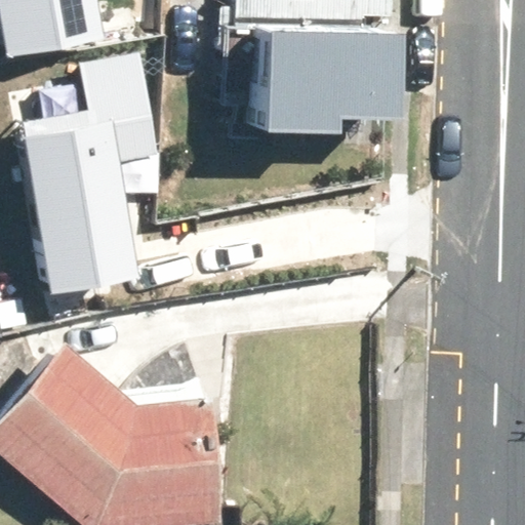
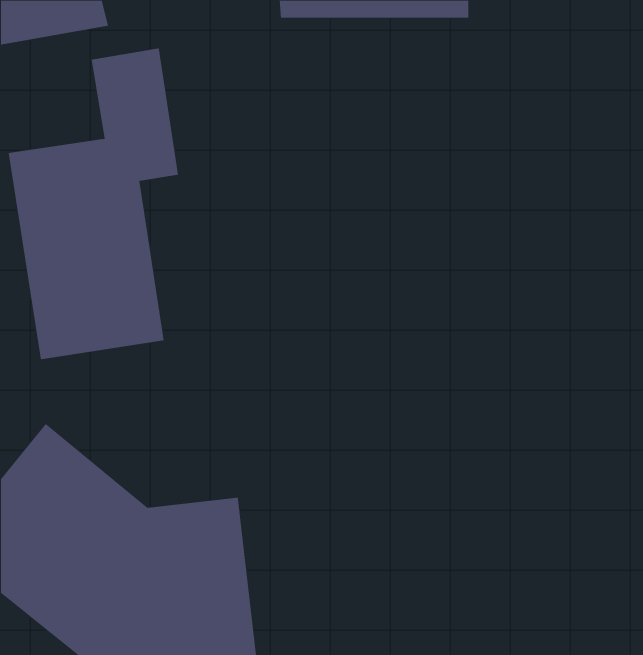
building: [252,22,394,121] -> none

